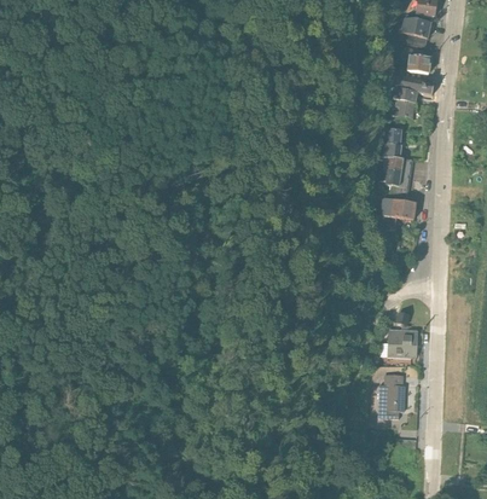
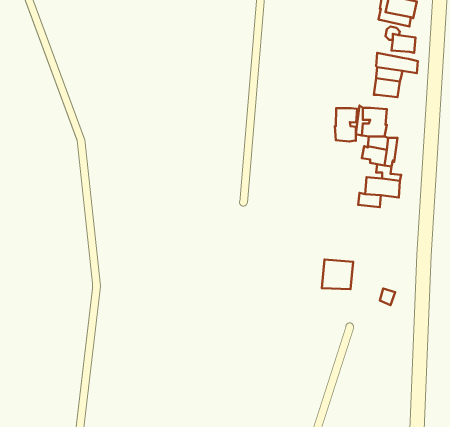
building: none -> [335,108,357,141]
building: [387,329,418,359] -> [322,259,353,289]
building: [383,375,405,412] -> none

